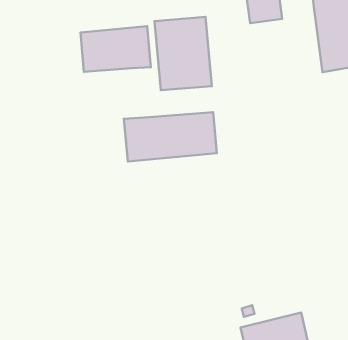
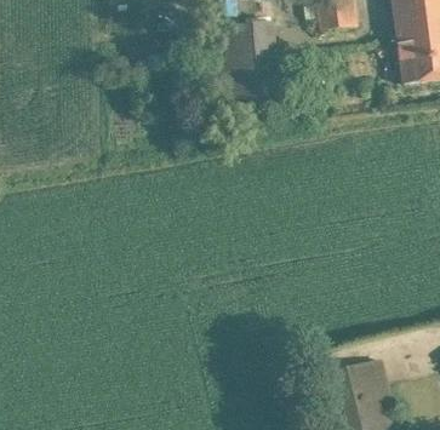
building: [80,26,151,72] -> none
building: [124,112,217,162] -> none

